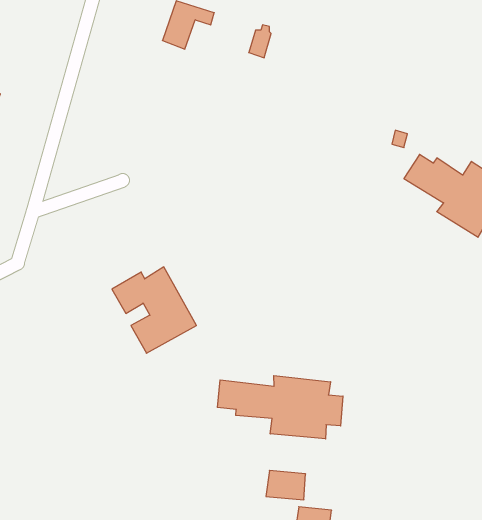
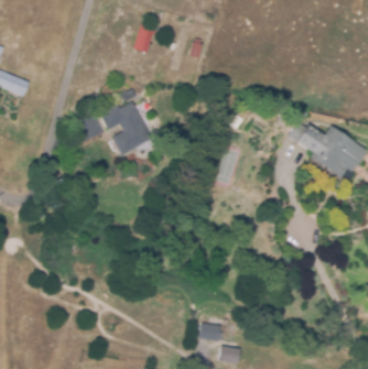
building: [112,267,196,353] -> [99,100,153,155]
building: [217,376,343,439] -> none

